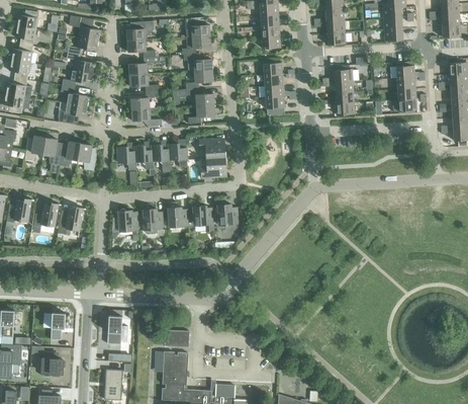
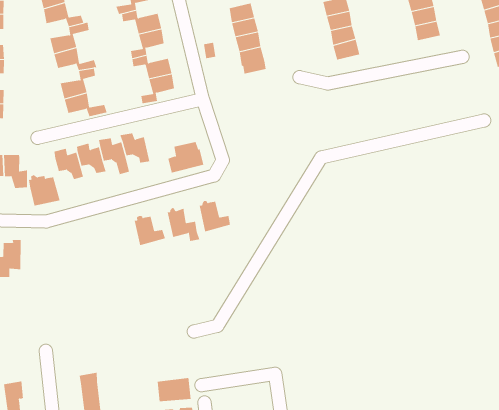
building: [199,139,224,159] -> none
building: [143,208,164,234] -> none
building: [118,209,139,232] -> [28,175,60,206]

